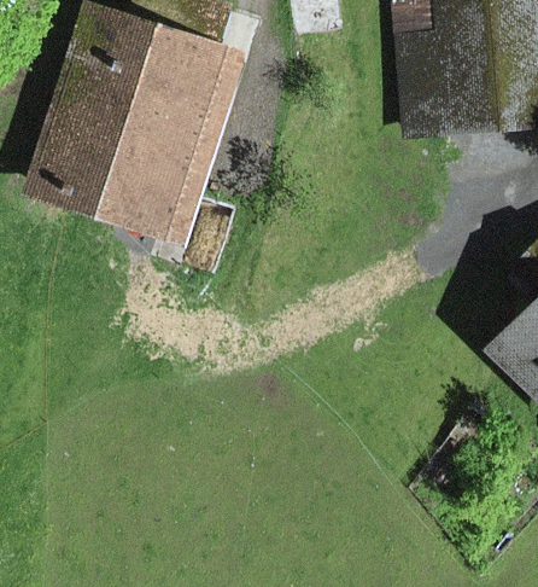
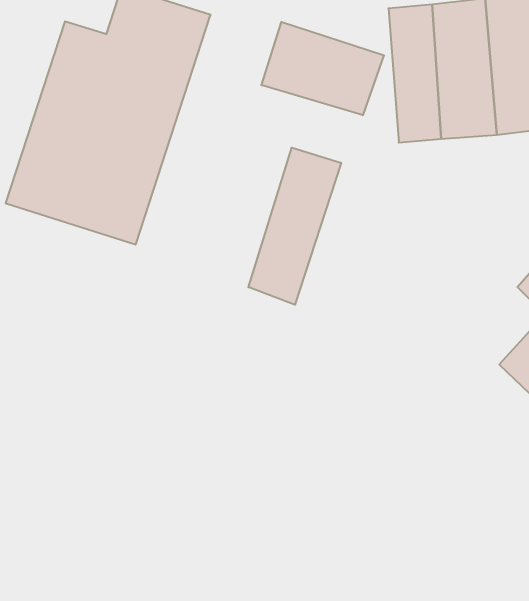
building: none -> [261,22,384,115]
building: none -> [248,148,341,305]

